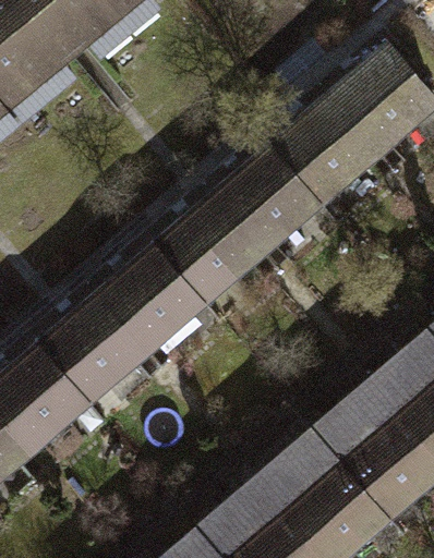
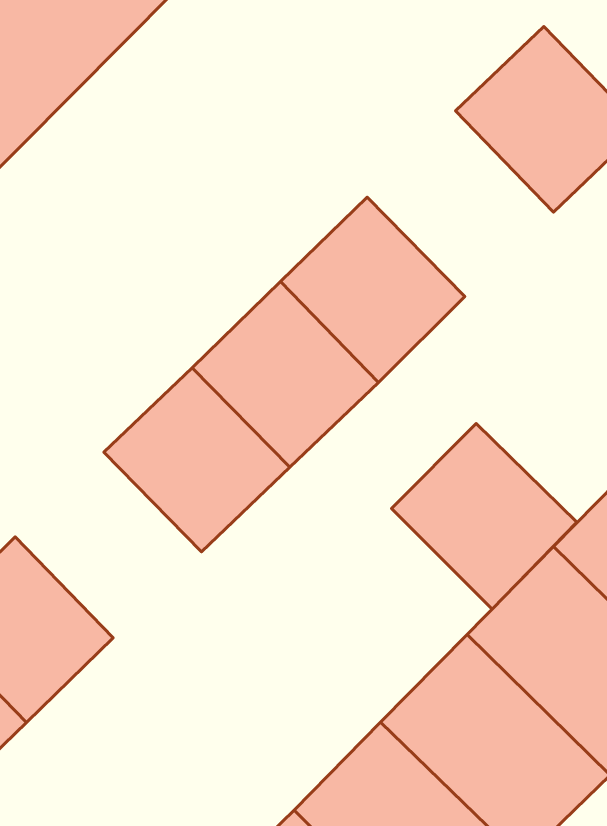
building: [273,96,388,213] -> none
building: [34,290,149,407] -> none
building: none -> [391,423,577,609]

